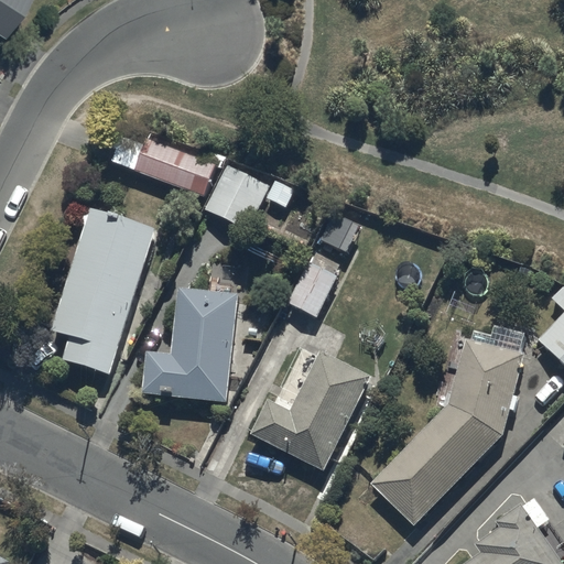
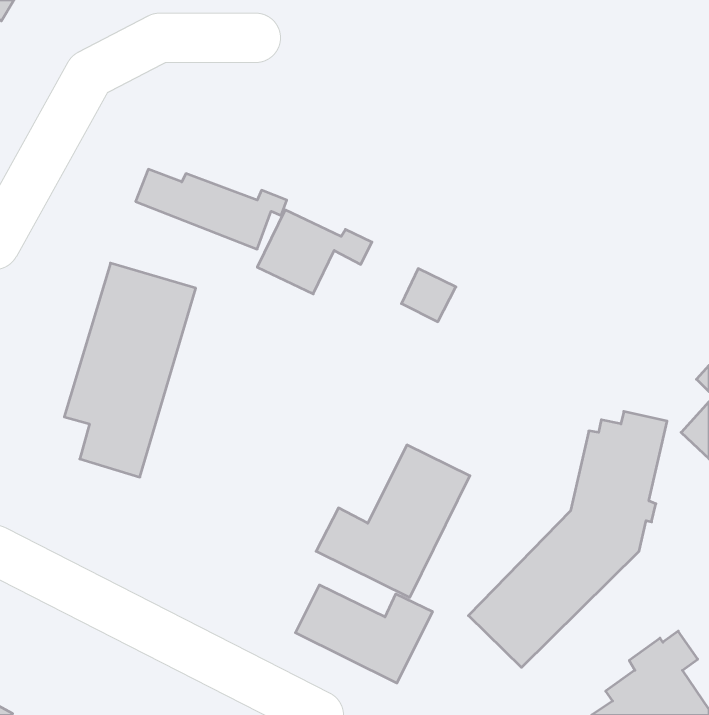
building: [284,260,336,322] -> none
building: [141,286,238,402] -> none
building: none -> [295,585,432,683]

